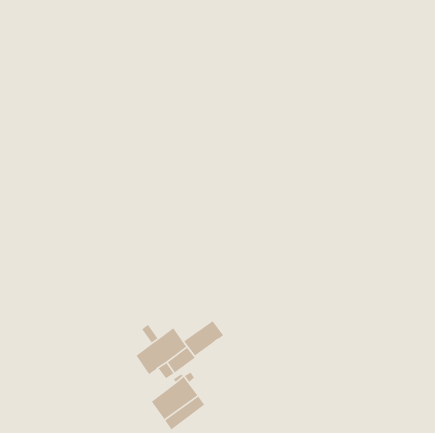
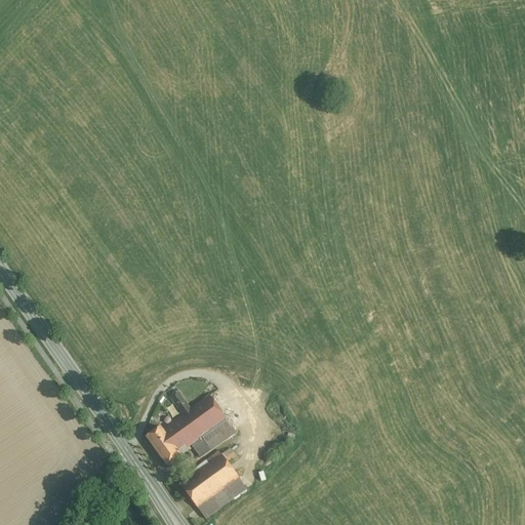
building: [183,320,224,356] -> none
building: none -> [147,425,189,463]

